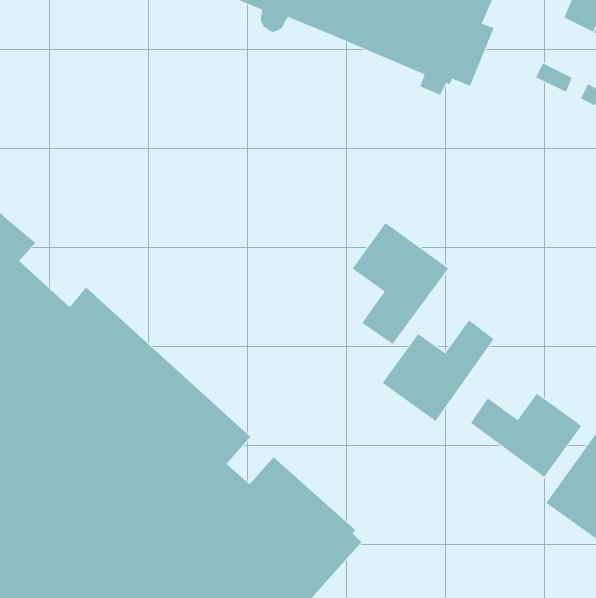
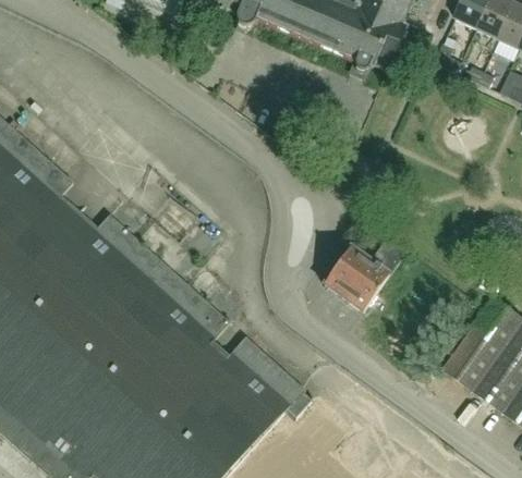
building: [352,222,449,345] -> none
building: [470,393,582,478] -> none

